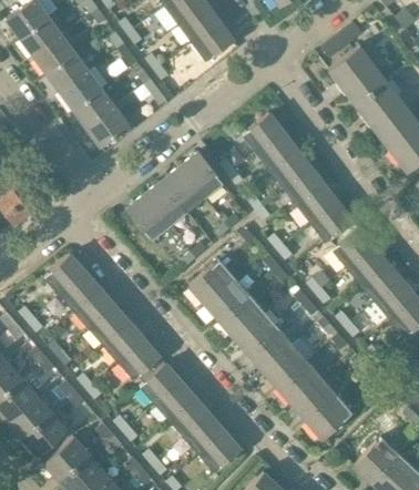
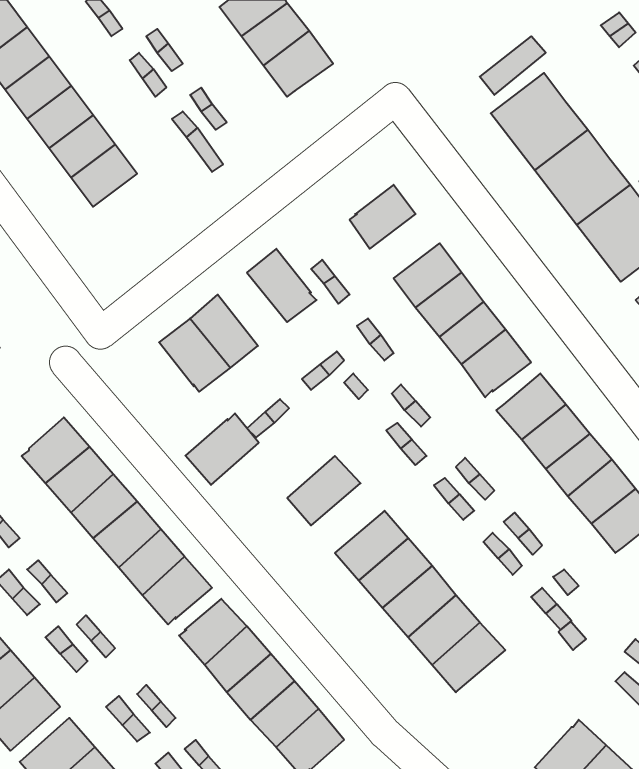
building: [88,106,127,145] -> none
building: [255,131,297,170] -> none
building: [163,166,205,211] -> none
building: [190,259,234,303] -> [185,413,259,485]
building: [219,294,264,336] -> none
building: [307,395,351,438] -> none

